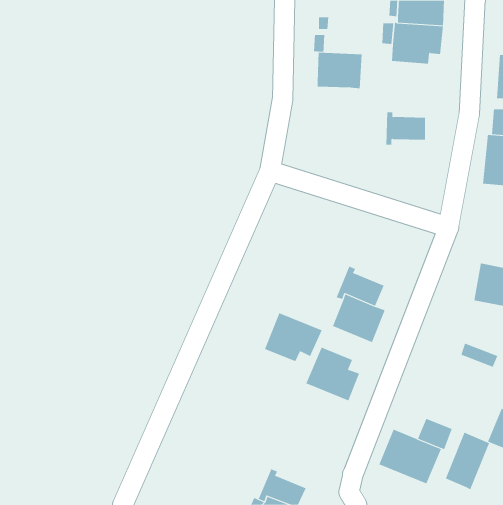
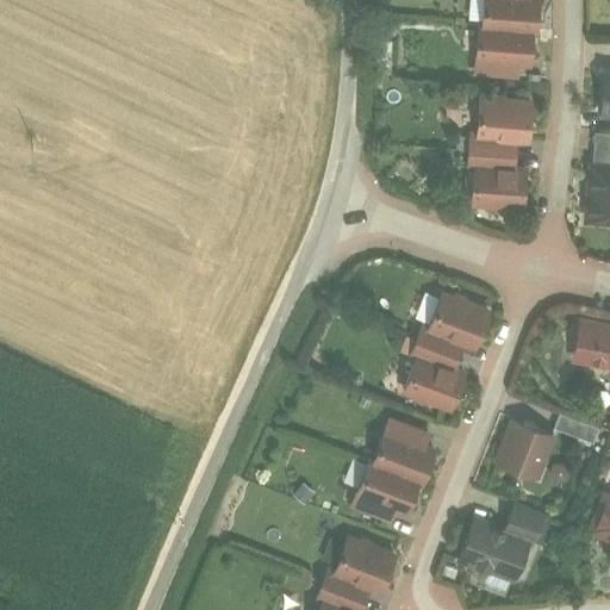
building: [317,52,362,89] -> [477,99,531,143]
building: none -> [473,168,528,212]
building: none -> [429,291,493,349]
building: [264,312,322,362] -> [353,462,423,522]
building: none -> [496,417,553,479]
building: [445,432,490,490] -> none
building: none -> [335,534,399,593]

